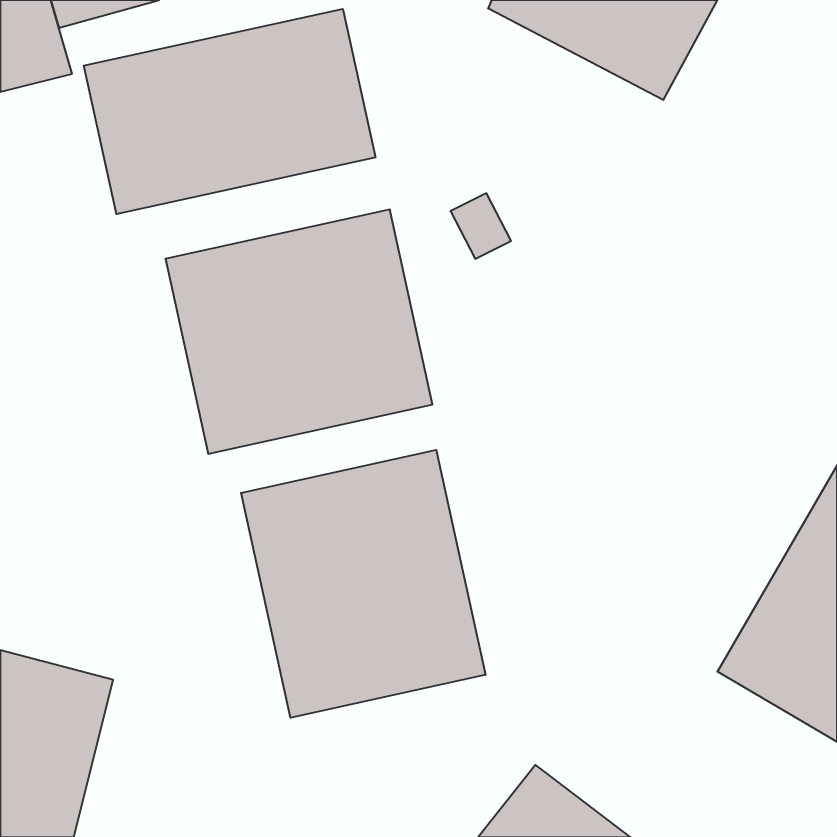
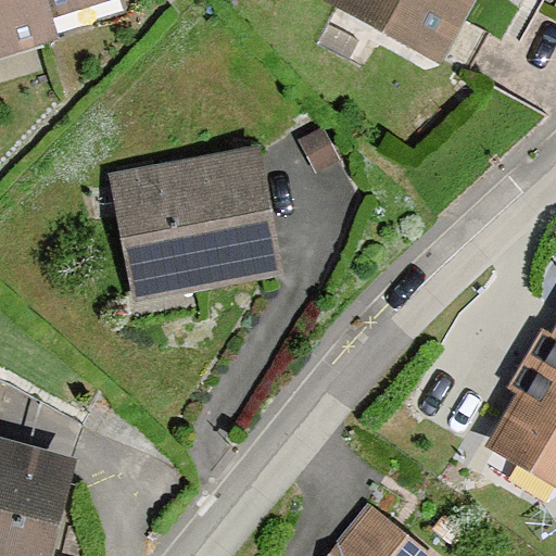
building: [84,9,375,214] -> none
building: [241,450,486,718] -> none

